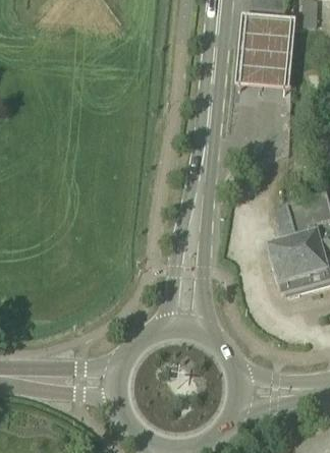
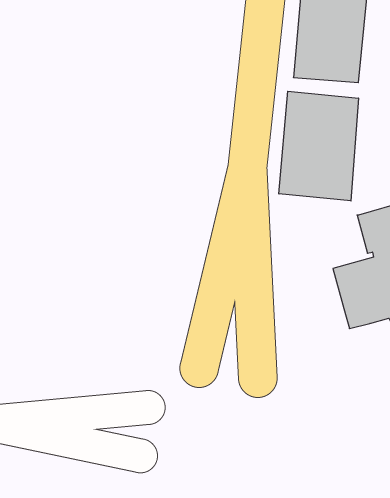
building: none -> [279,91,358,201]

